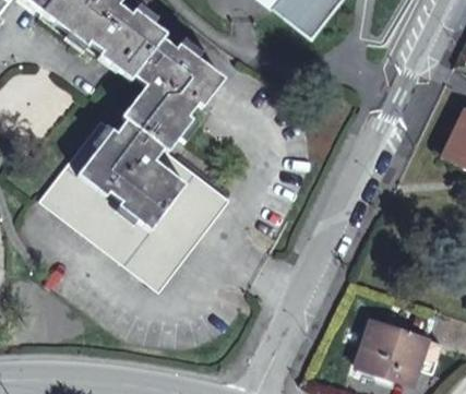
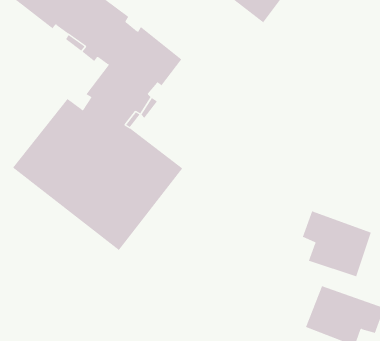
building: none -> [302,210,371,277]

